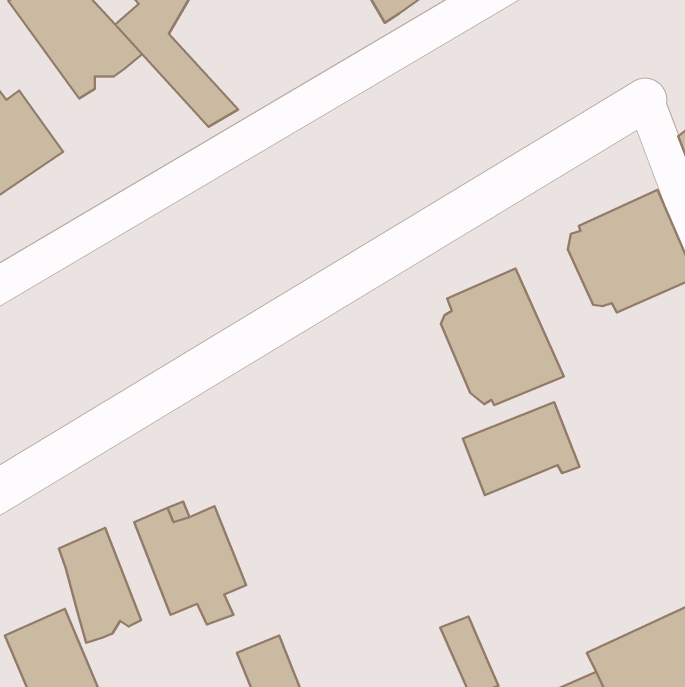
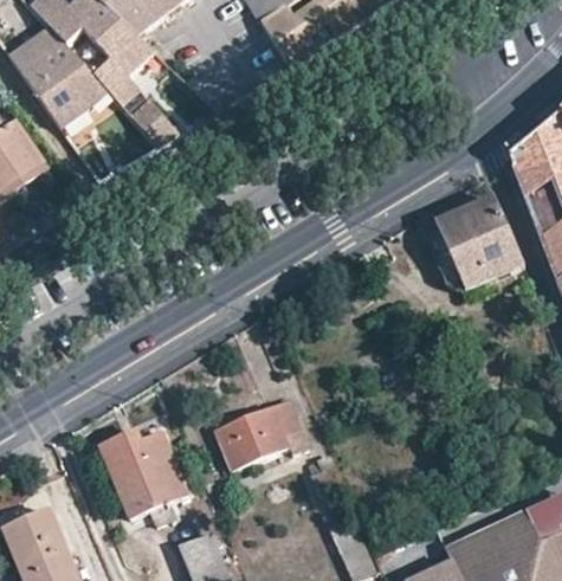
building: [441,269,564,405] -> none
building: [463,402,579,495] -> [217,400,304,470]
building: [59,528,141,643] -> none

